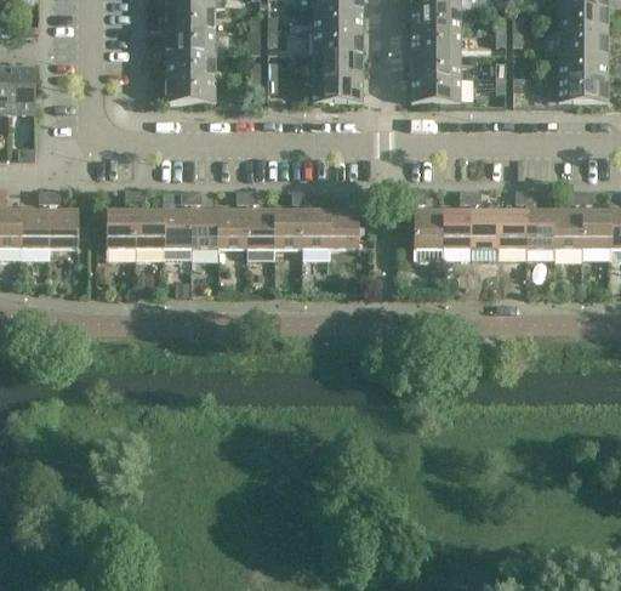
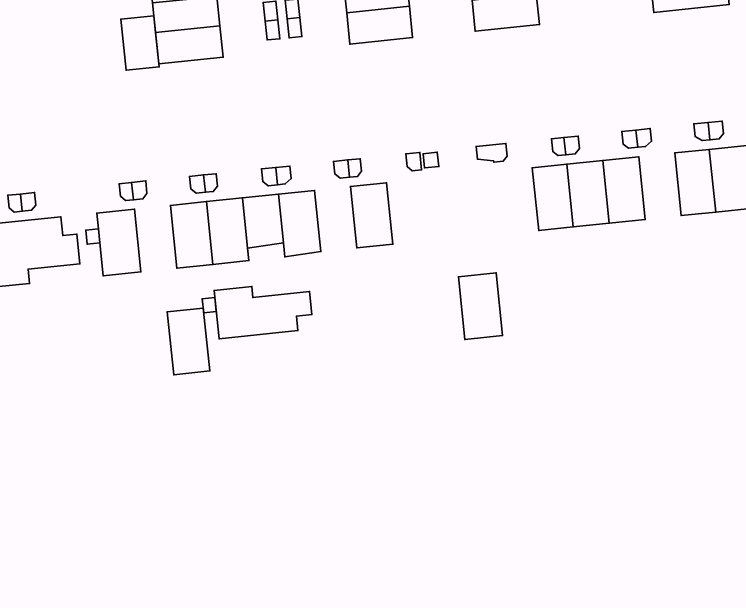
building: none -> [121,16,159,70]
building: [135,209,163,257] -> [167,308,210,375]
building: [274,209,302,246] -> none
building: [330,209,358,246] -> none
building: [414,209,443,257] -> [458,273,503,339]
building: [525,209,553,257] -> none
building: none -> [214,287,312,339]

